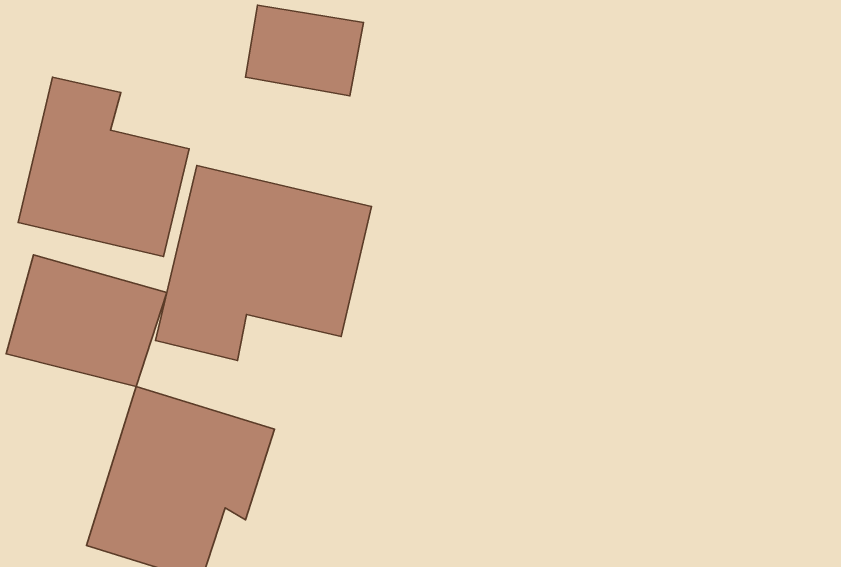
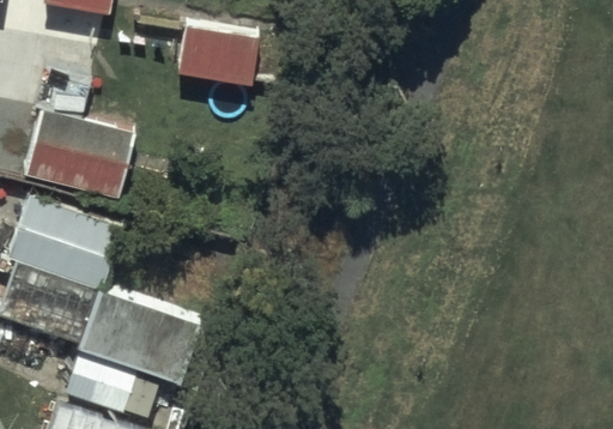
building: [156,166,371,361] -> none

